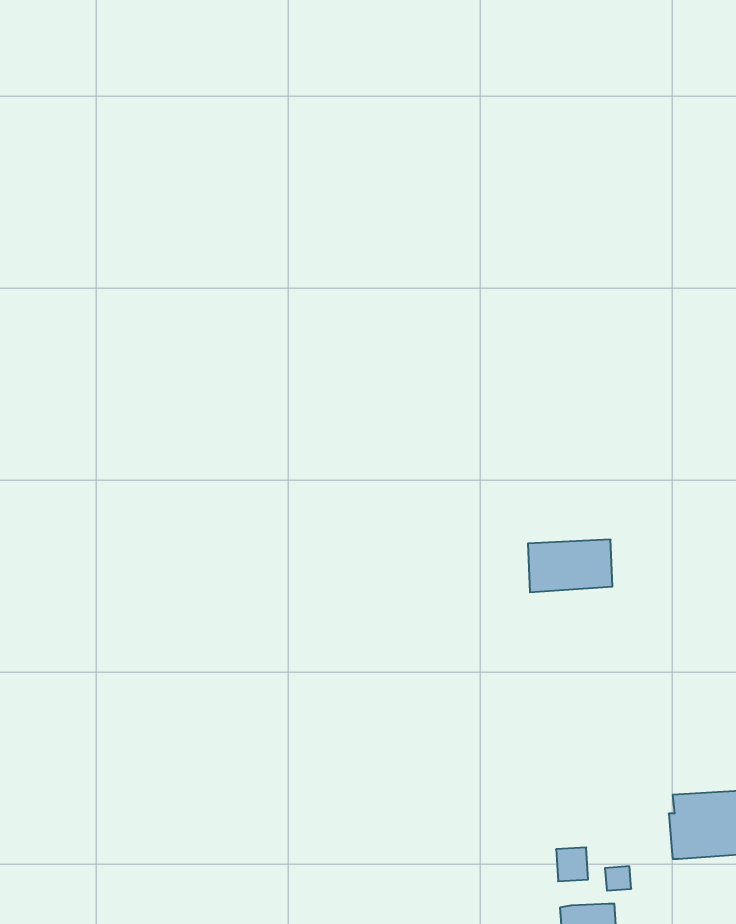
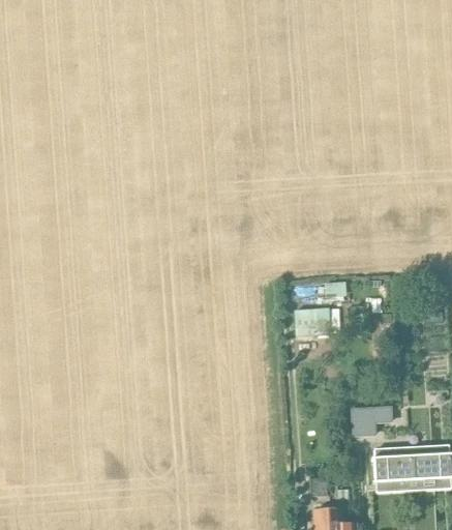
building: none -> [351,406,393,438]

